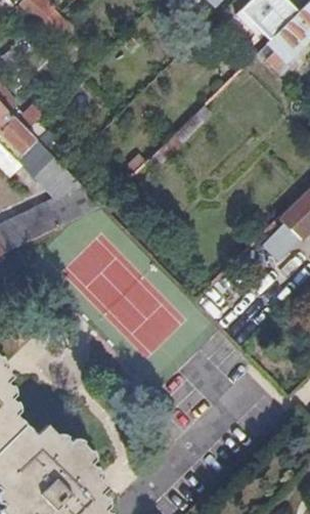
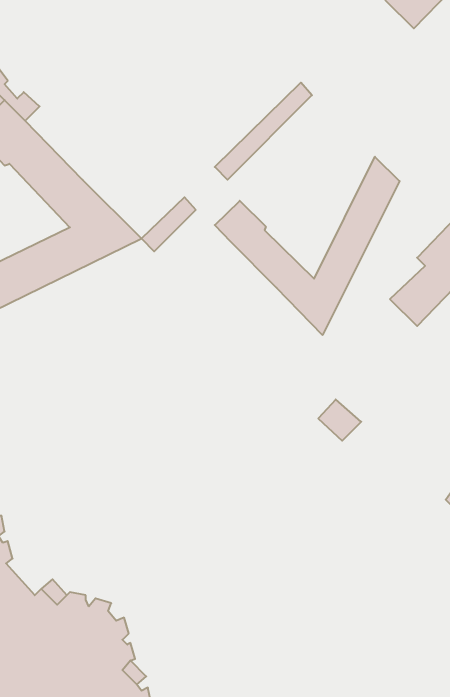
building: none -> [215,157,400,335]

